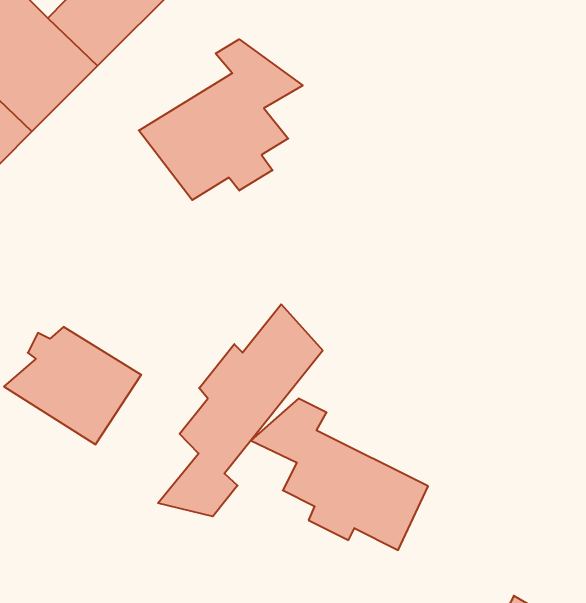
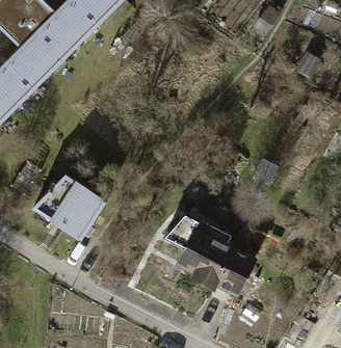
building: [139,39,303,200] -> none
building: [158,304,323,516] -> none

